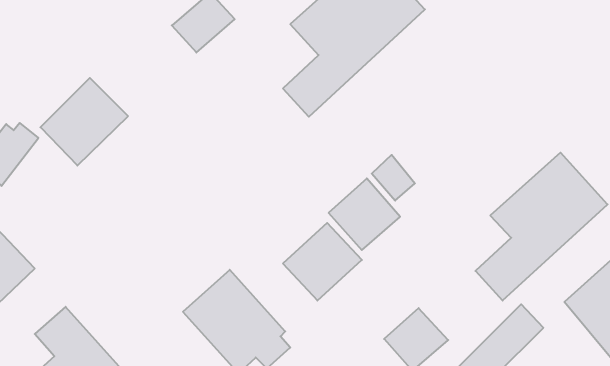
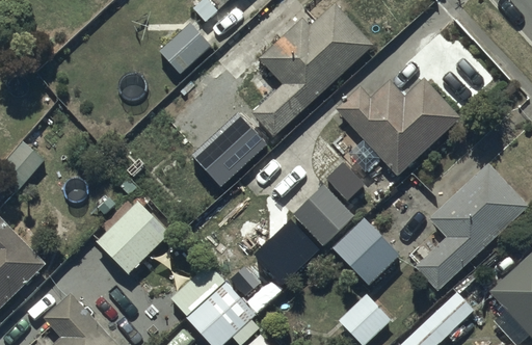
building: none -> [336,77,460,175]
building: [40,78,128,166] -> [99,203,172,276]
building: none -> [192,116,268,191]
building: none -> [334,217,399,284]

